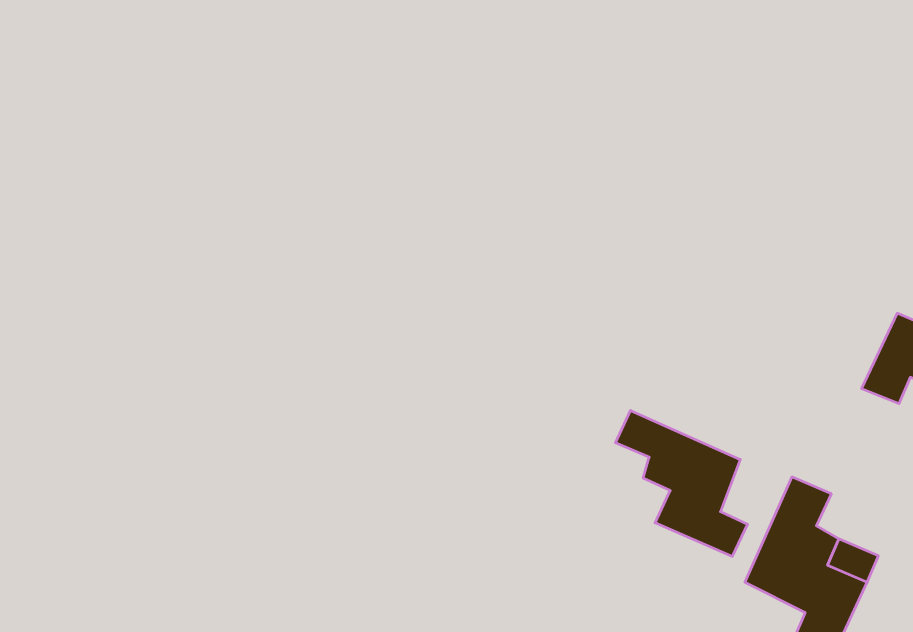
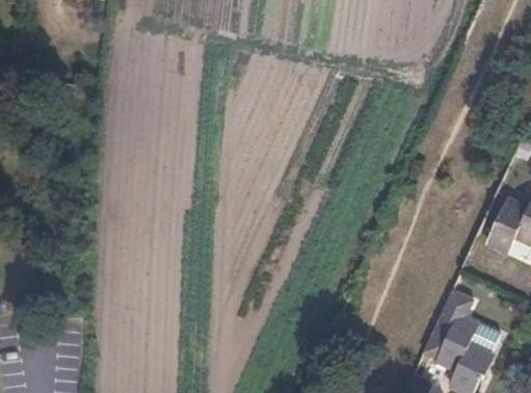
building: [615,410,747,556] -> none

